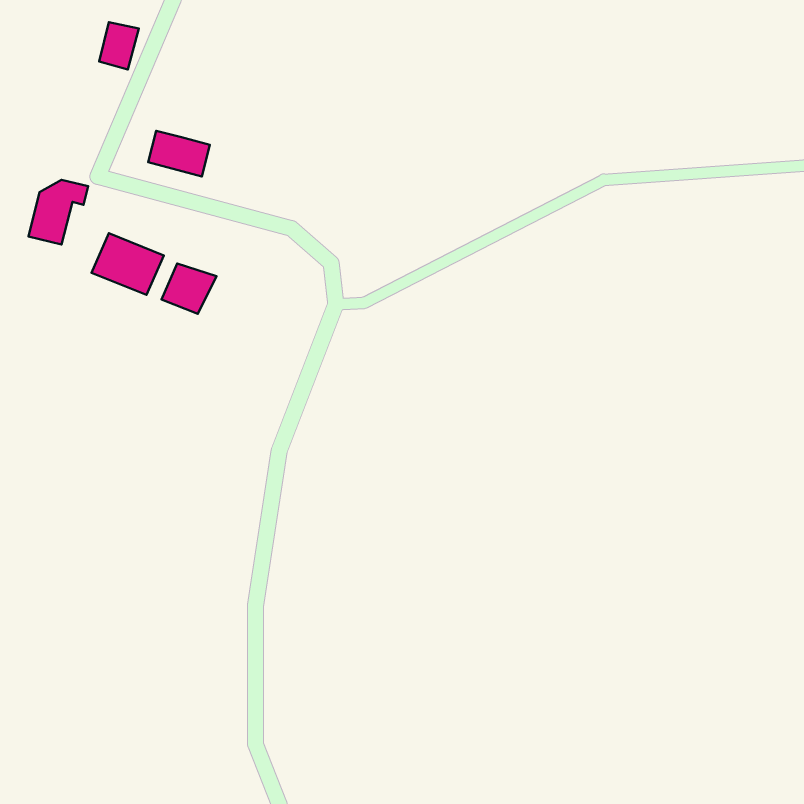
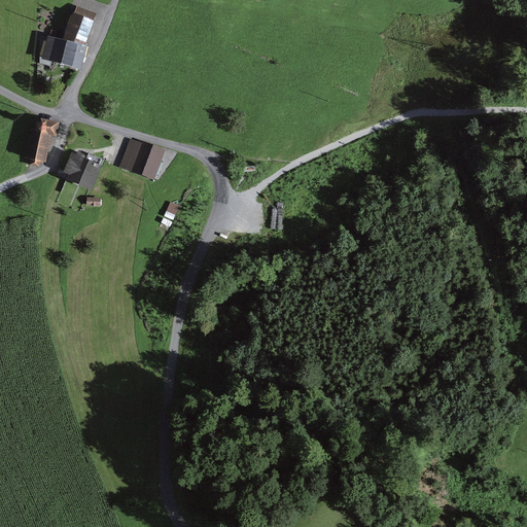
building: [148,131,210,176] -> [43,36,83,66]
building: [161,263,217,314] -> [128,141,164,174]

